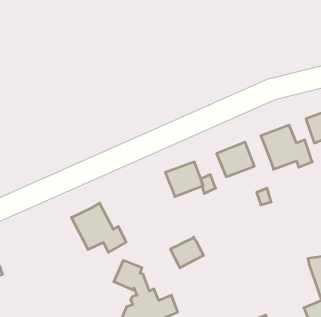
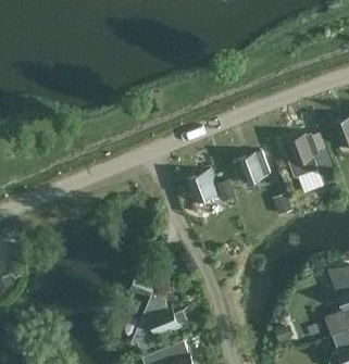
building: [71,203,126,252] -> none
building: [171,237,204,268] -> none

